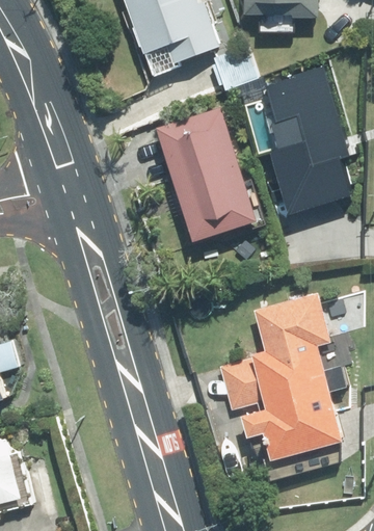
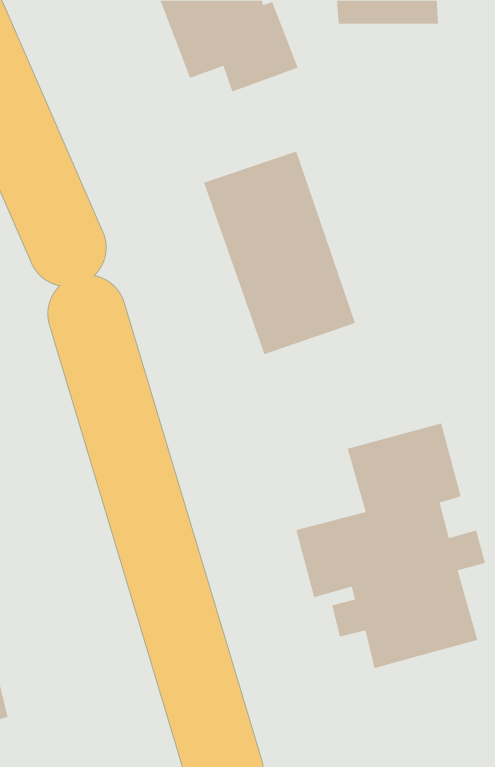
building: [263,64,350,215] -> none

